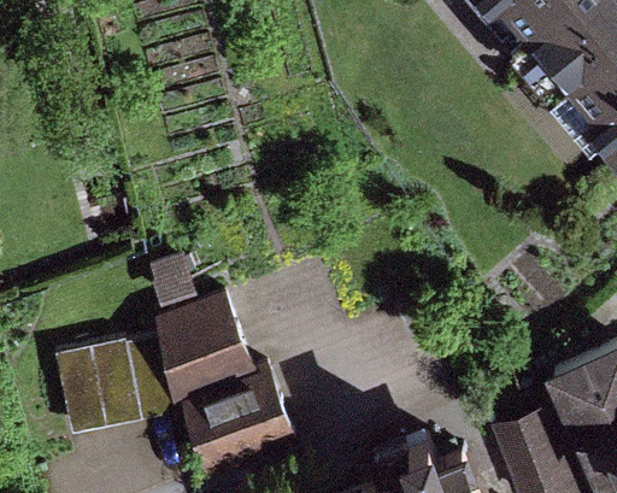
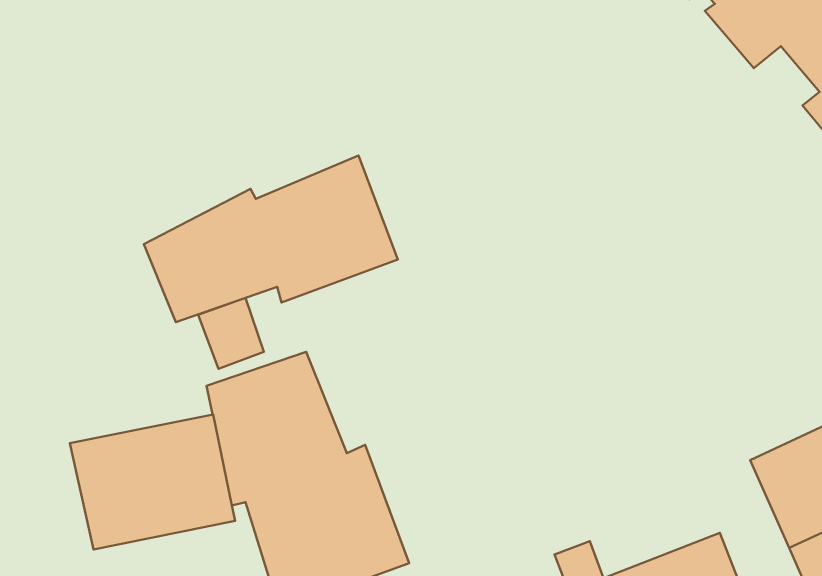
building: none -> [144,156,398,322]

